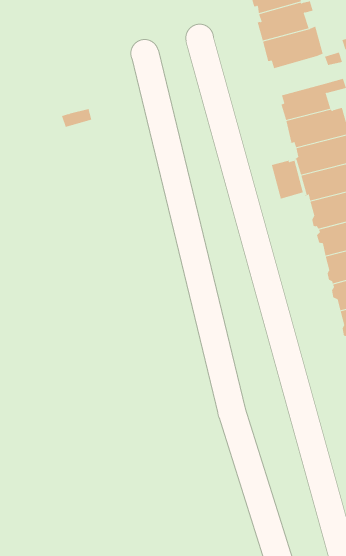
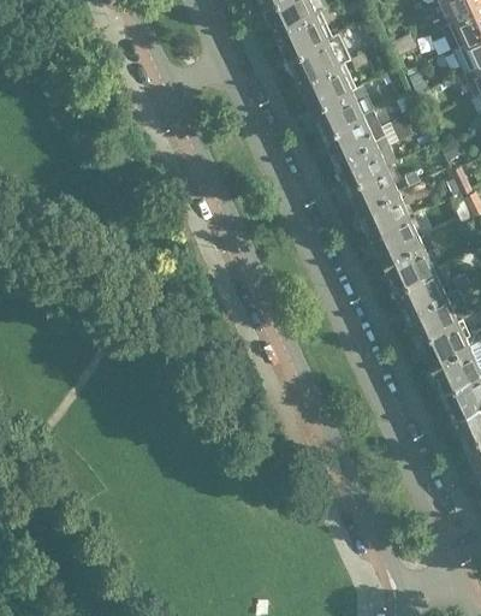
building: none -> [297,63,350,108]
building: [271,158,304,199] -> none

